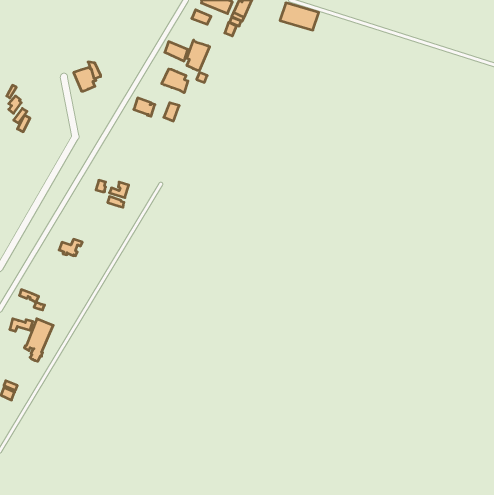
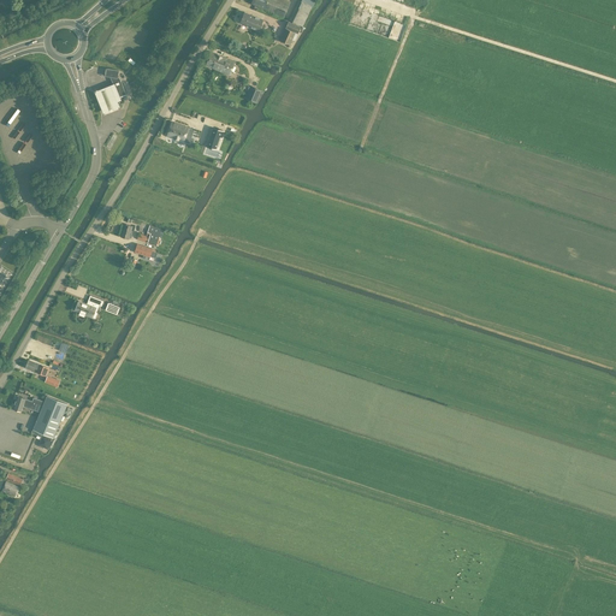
building: [187,40,210,70] -> none
building: [162,69,188,93] -> none

